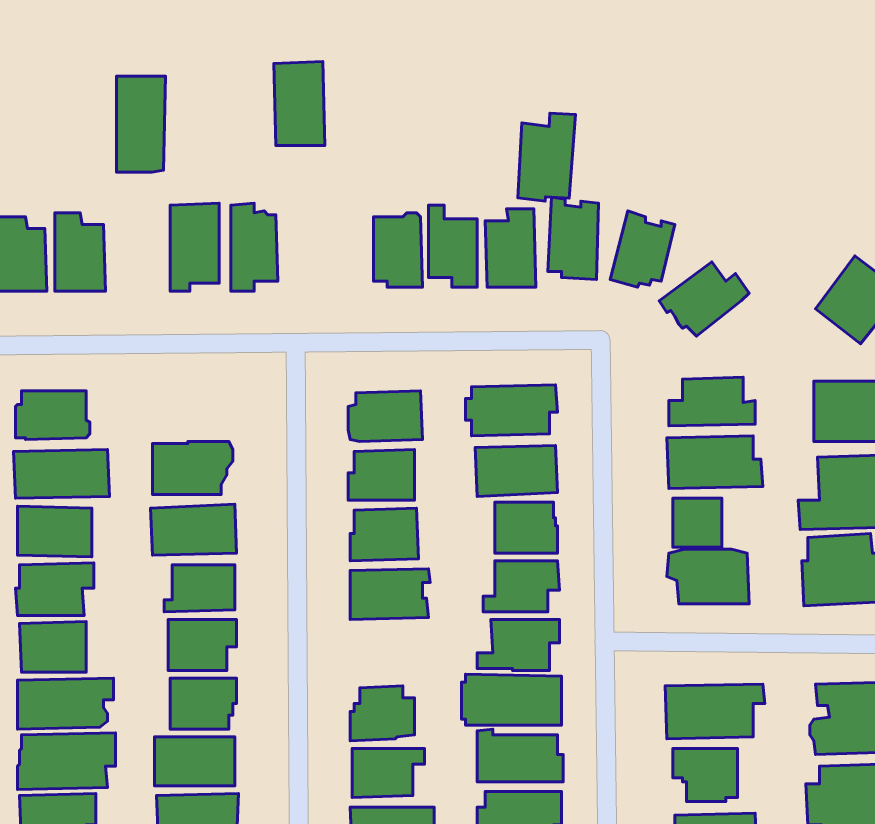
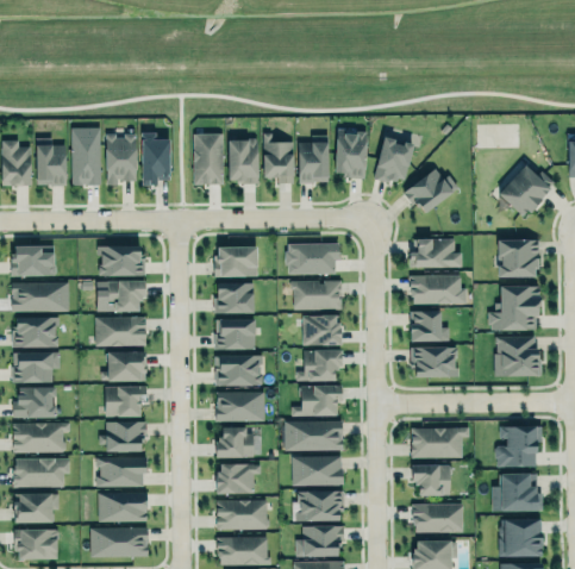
building: [274,62,325,146] -> [193,133,224,185]
building: [117,76,165,172] -> [73,127,102,186]
building: [518,113,575,201] -> none
building: none -> [98,245,144,276]
building: none -> [215,392,265,421]

